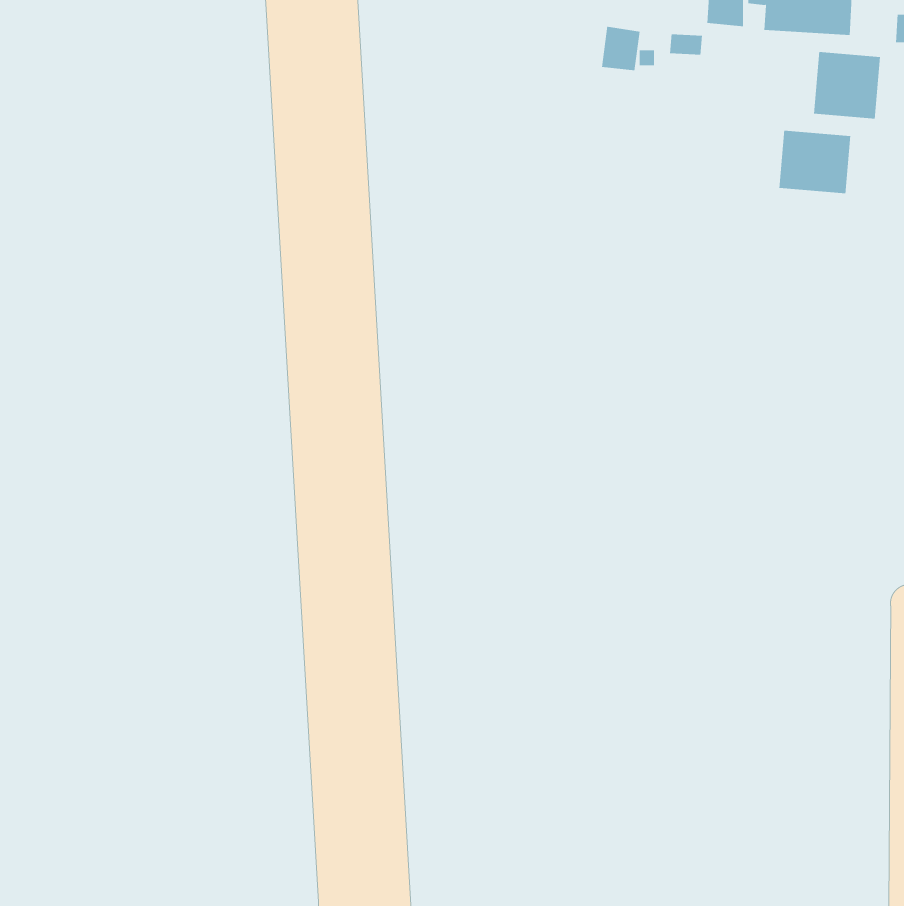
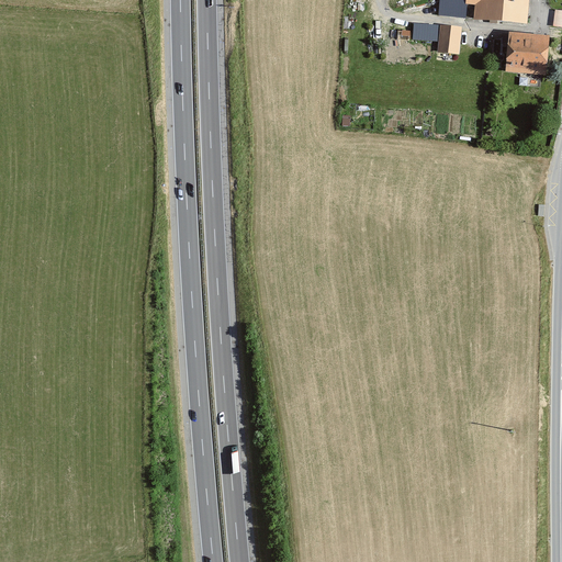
building: [601,26,640,71] -> [438,24,462,52]
building: [779,130,851,194] -> none

